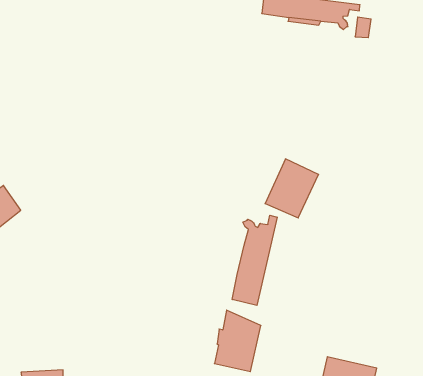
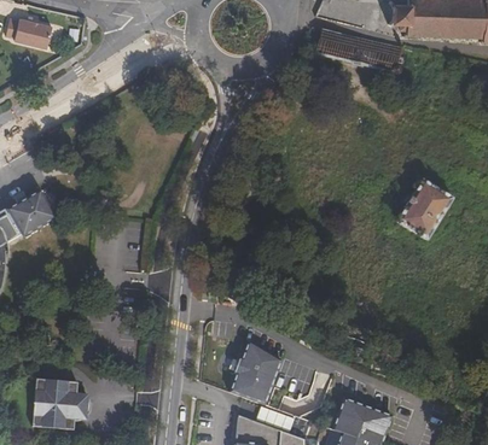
building: [265,159,319,218] -> [396,181,453,241]
building: [232,215,277,305] -> none

